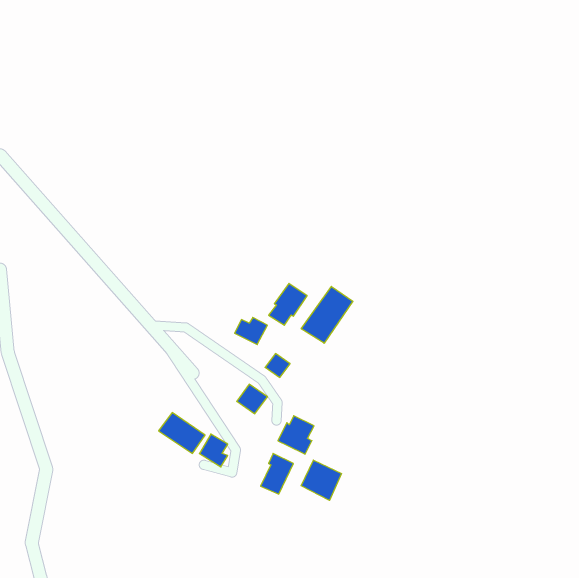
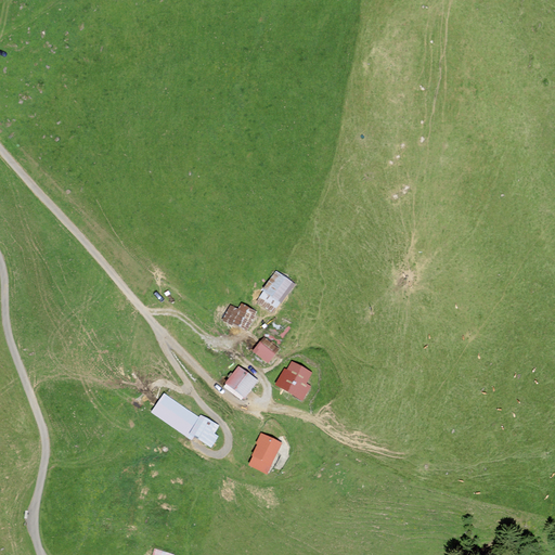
building: [301,286,353,343] -> none
building: [278,416,314,454] -> [276,362,311,399]
building: [301,460,342,500] -> none

